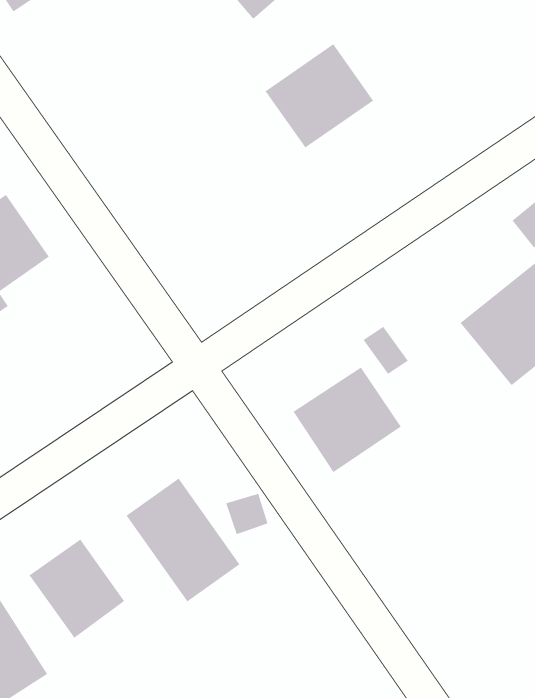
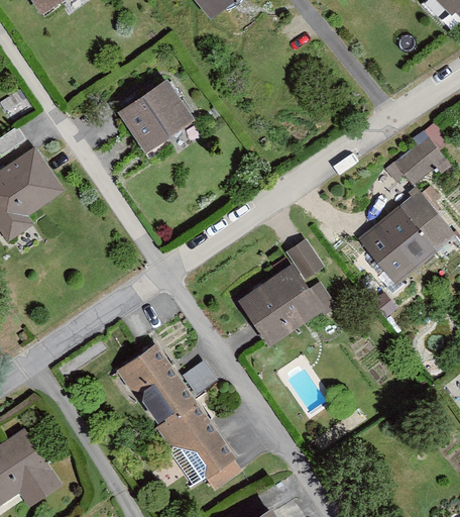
building: [265,43,374,149] -> [113,77,192,152]
building: [28,538,125,639] -> none
building: none -> [163,410,247,500]

